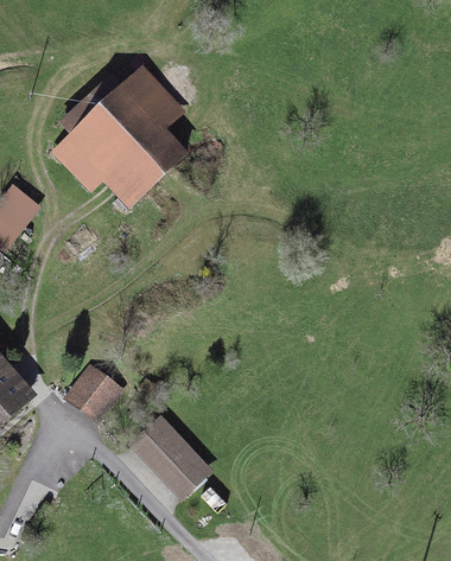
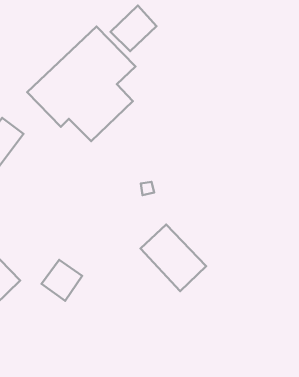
building: none -> [110,6,157,51]
building: [127,410,215,499] -> [140,224,206,291]

